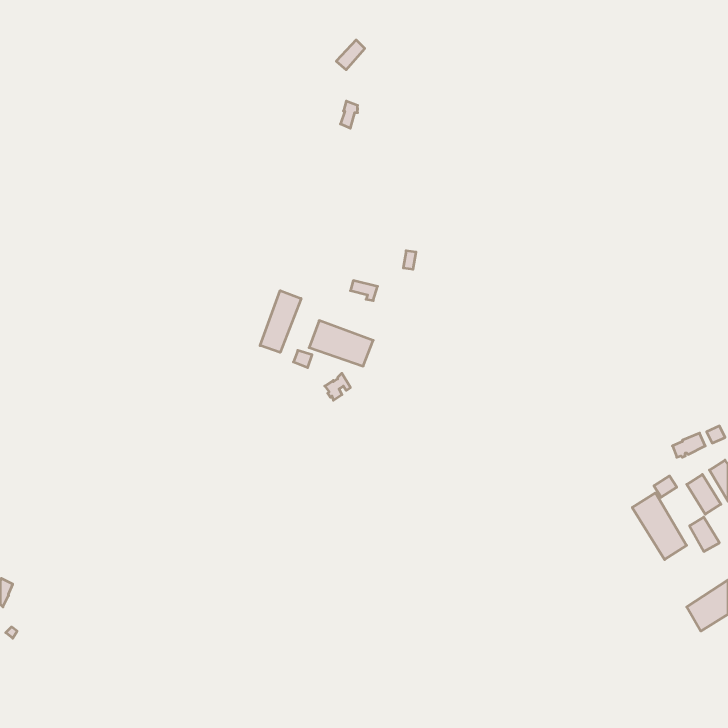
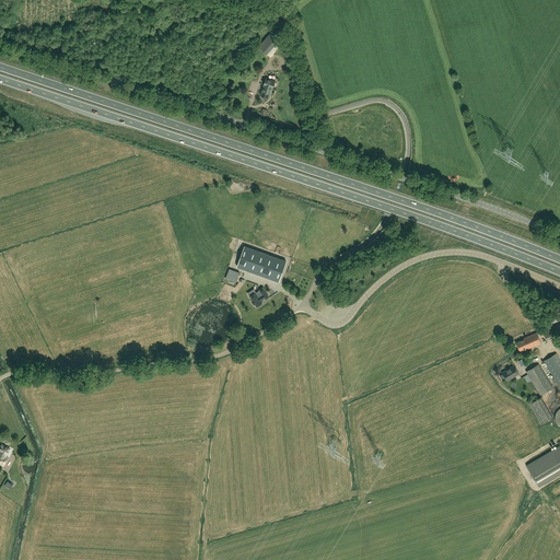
building: [260,291,301,352] -> none
building: [632,493,687,560] -> none

